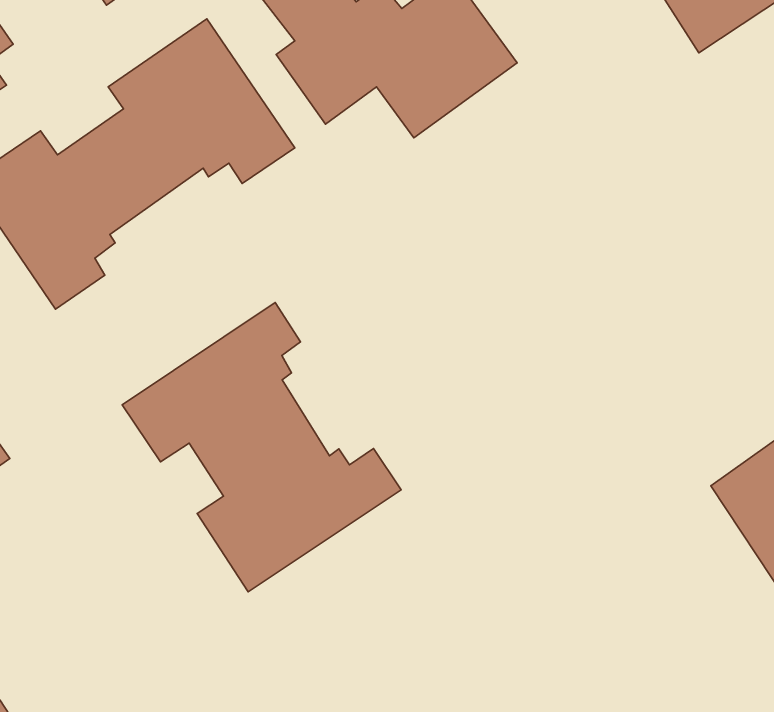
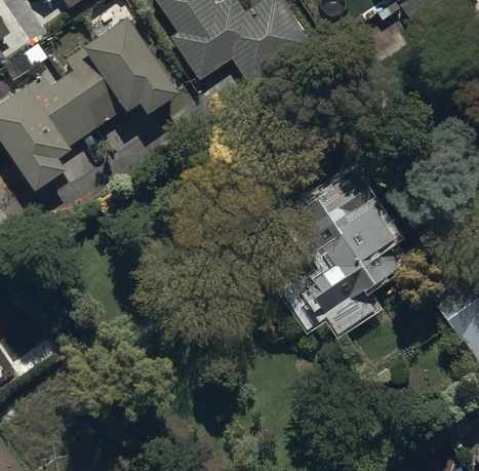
building: none -> [279,169,400,336]
building: [122,303,401,592] -> none

